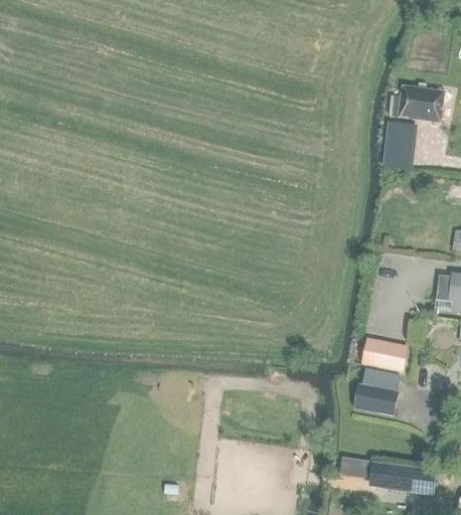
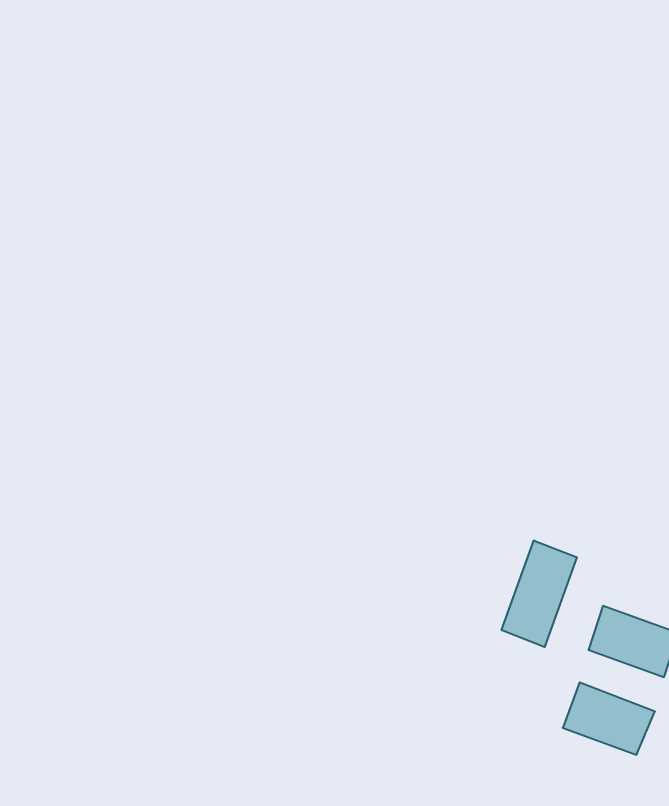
building: none -> [502,540,577,647]

